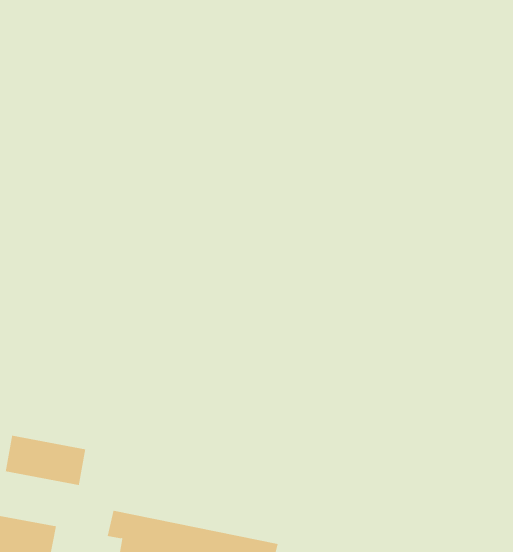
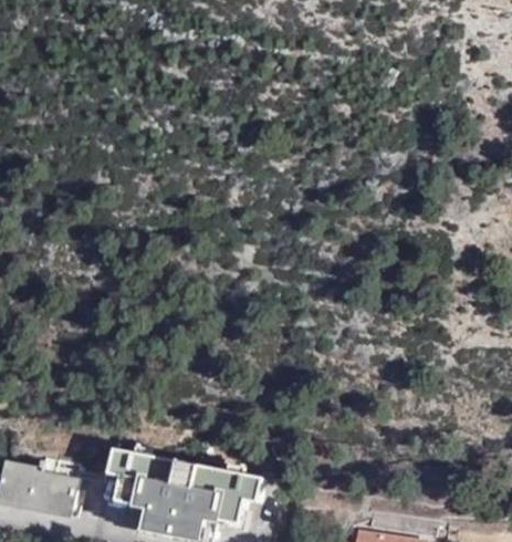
building: [5,435,86,486] -> none

